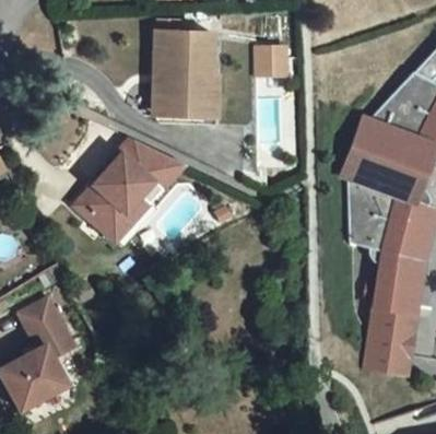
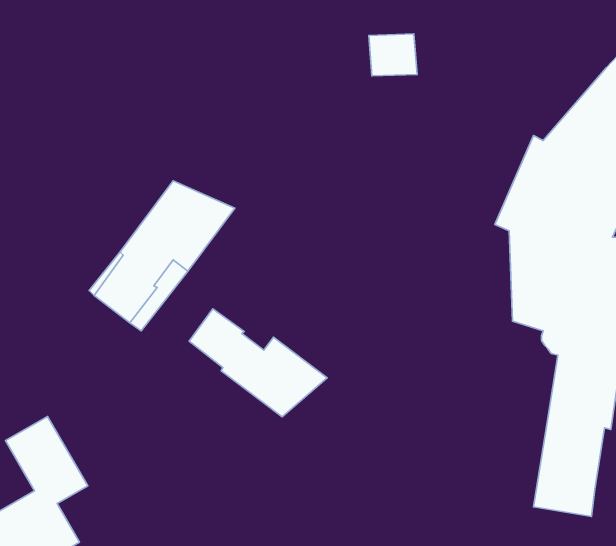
building: [154,28,219,122] -> none
building: none -> [189,309,327,417]

